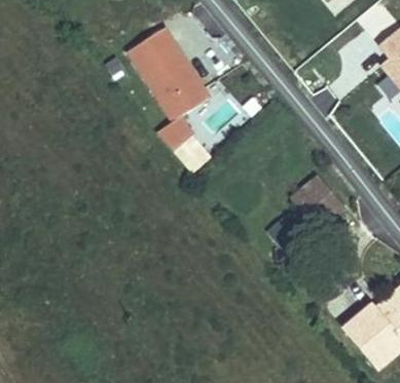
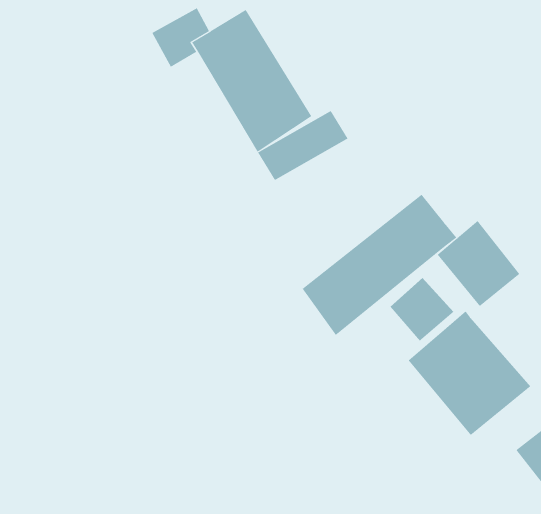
building: none -> [302,194,457,336]
building: none -> [408,310,531,436]

